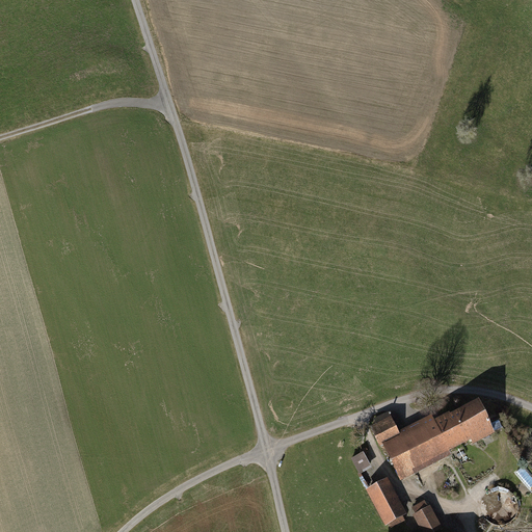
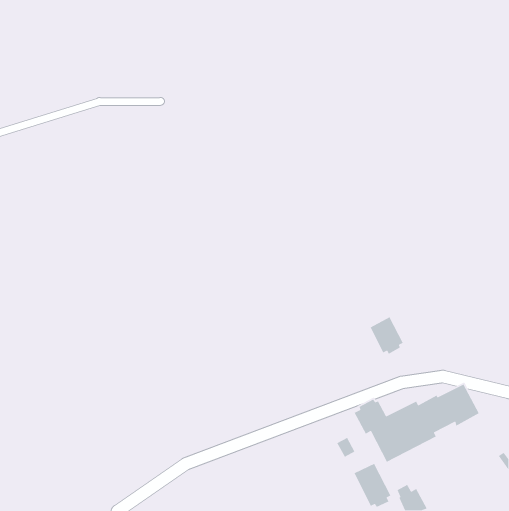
building: none -> [370,316,404,355]

